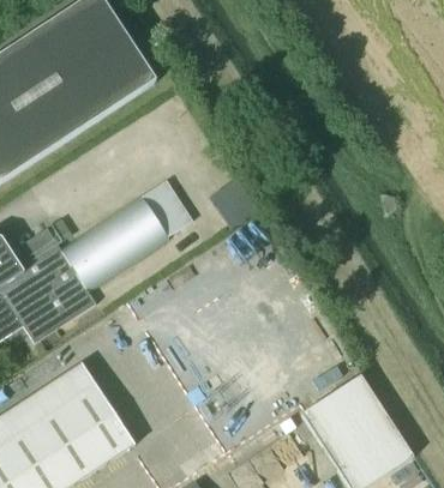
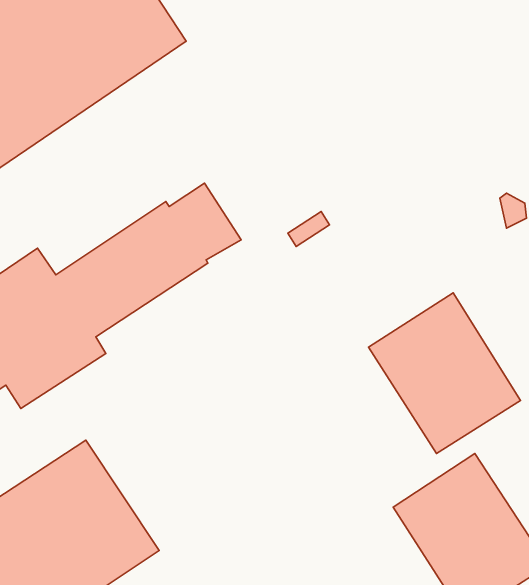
building: none -> [369,293,521,453]

